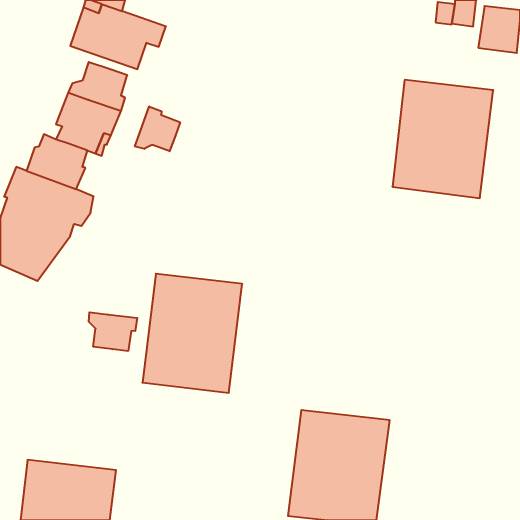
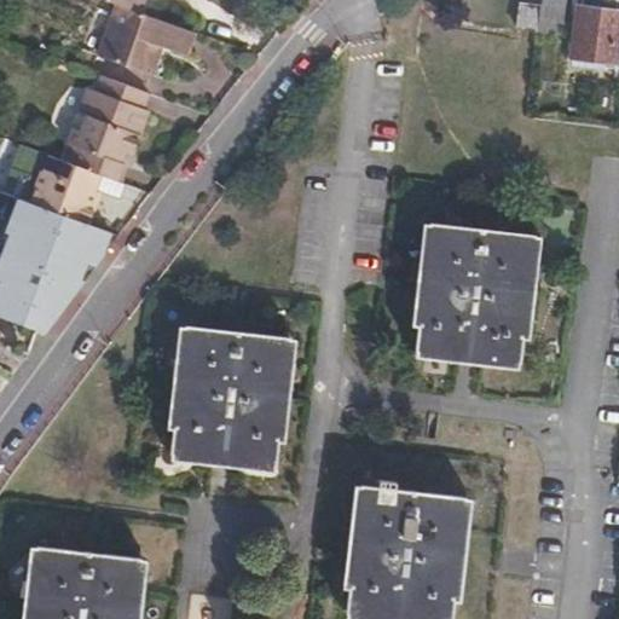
building: [392,80,493,198] -> [412,226,532,366]
building: [135,106,180,151] -> none
building: [89,312,137,351] -> none

